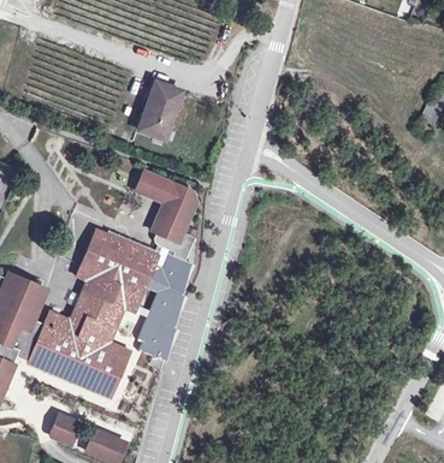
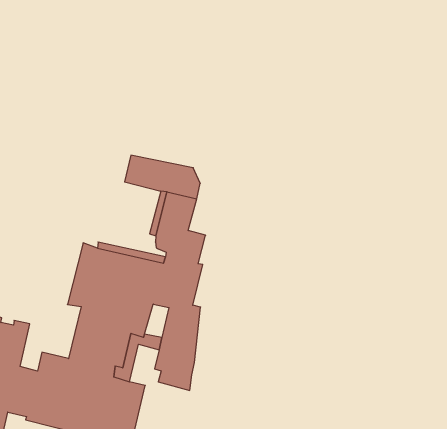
building: [137,82,180,140] -> none

